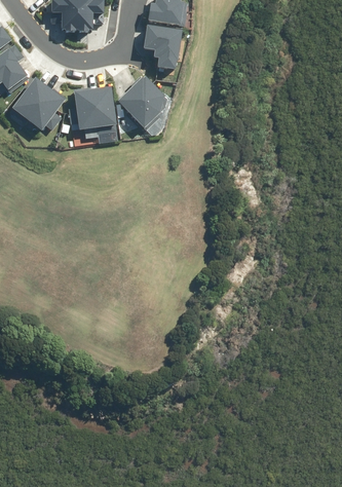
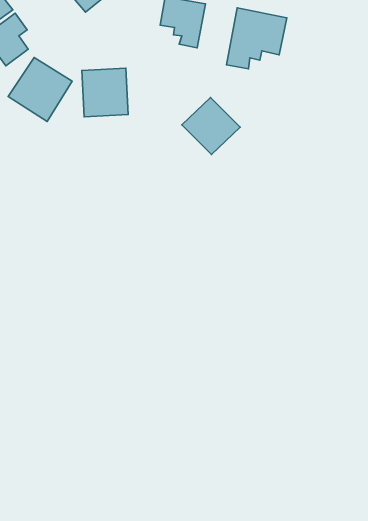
building: none -> [226,8,287,69]
building: [122,74,173,123] -> [182,97,240,155]

